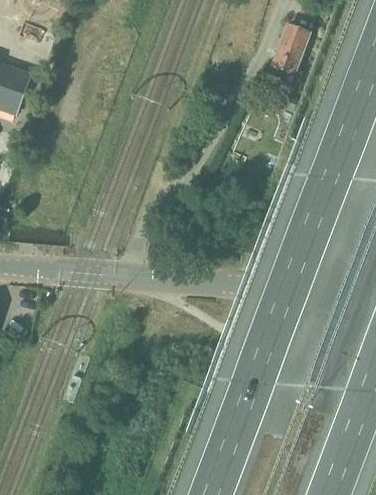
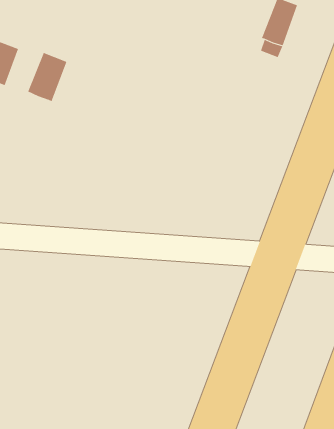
building: none -> [27,52,67,102]

